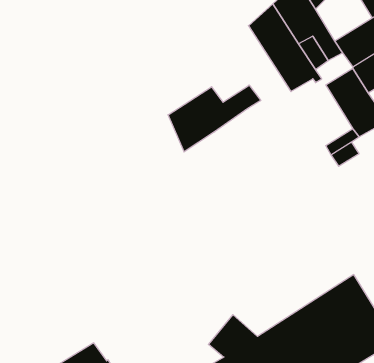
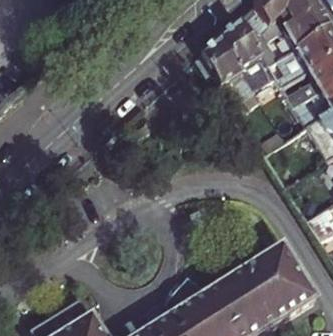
building: [168,85,261,152] -> none

